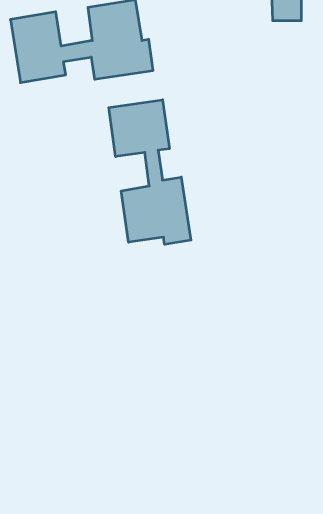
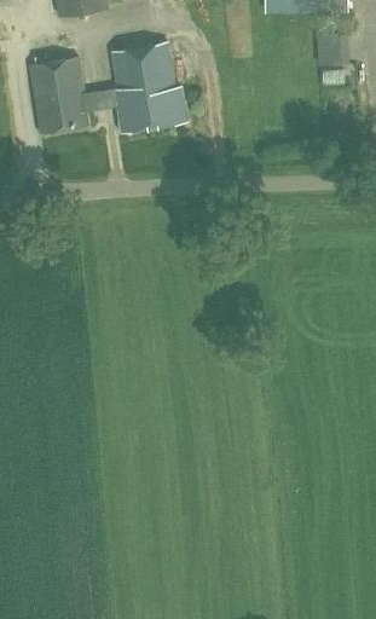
building: [109,100,191,244] -> none

